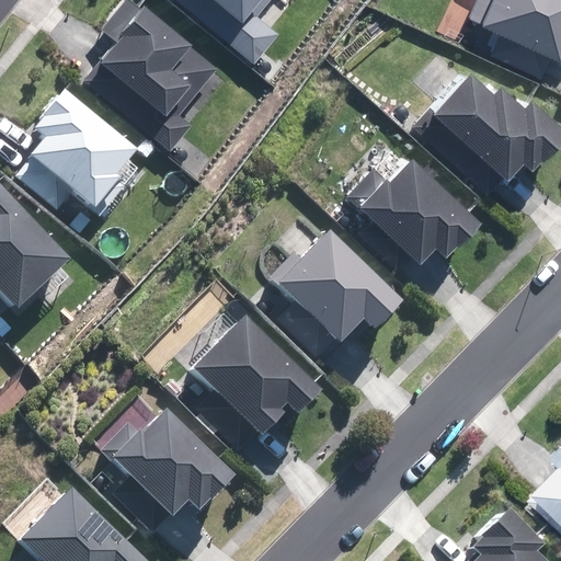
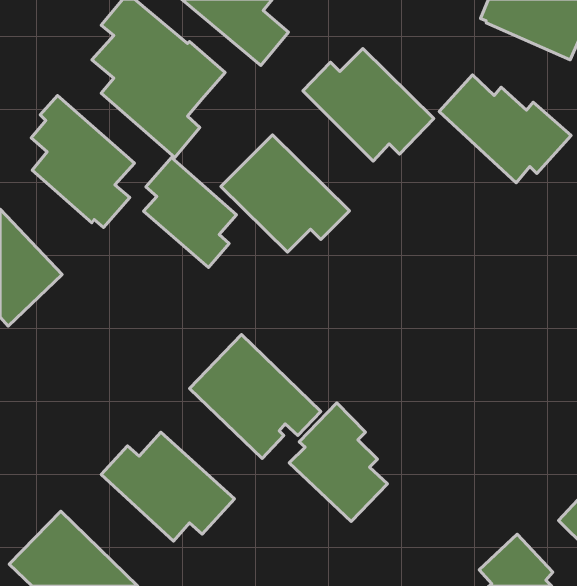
building: none -> [144,158,236,267]
building: [351,151,476,259] -> [303,48,434,161]
building: [274,232,397,344] -> [221,135,350,252]
building: none -> [289,403,388,521]

